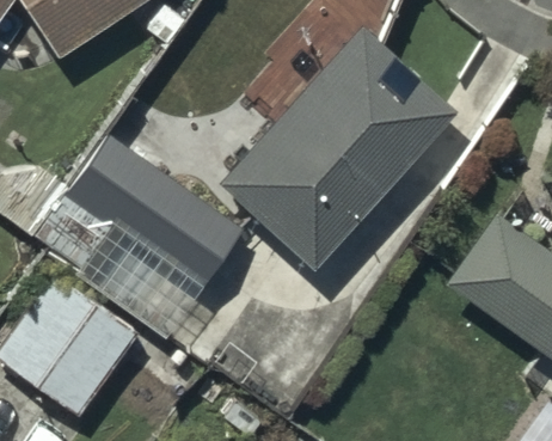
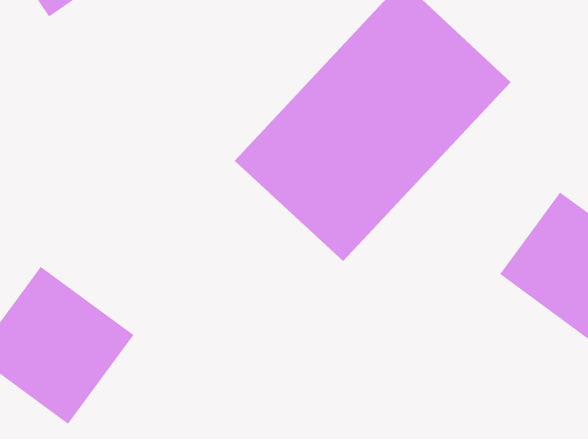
building: [32,133,241,287] -> none

